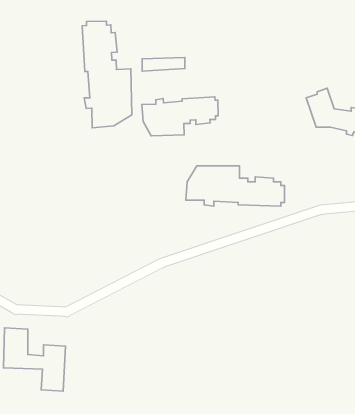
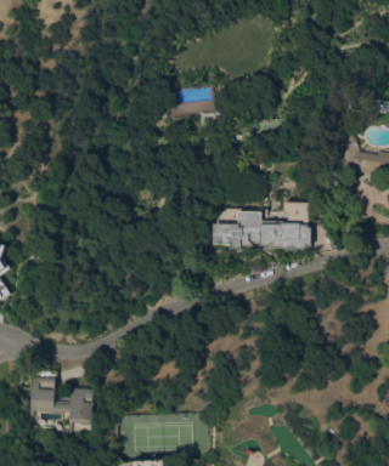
building: [82,21,132,128] -> none
building: [142,97,218,136] -> none

